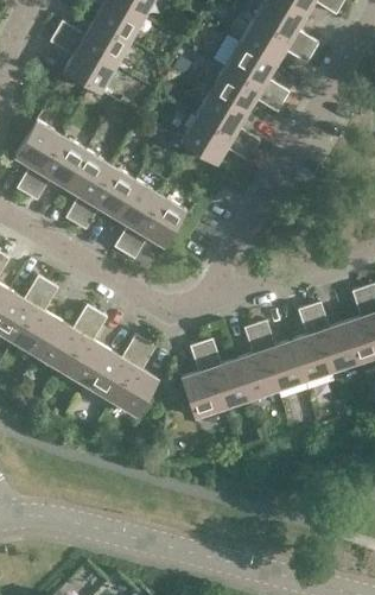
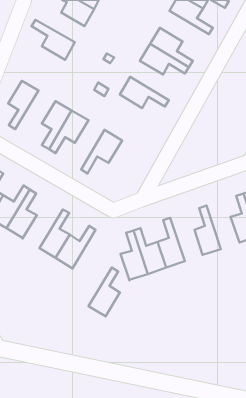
building: [240,20,312,65] -> none
building: [56,23,128,67] -> none
building: [196,94,259,152] -> none
building: [26,138,85,201] -> none
building: [114,182,158,254] -> none
building: [309,304,357,372] -> none
building: [37,308,96,371] -> none
building: [255,322,303,390] -> none
building: [110,343,157,416] -> [89,267,120,317]

